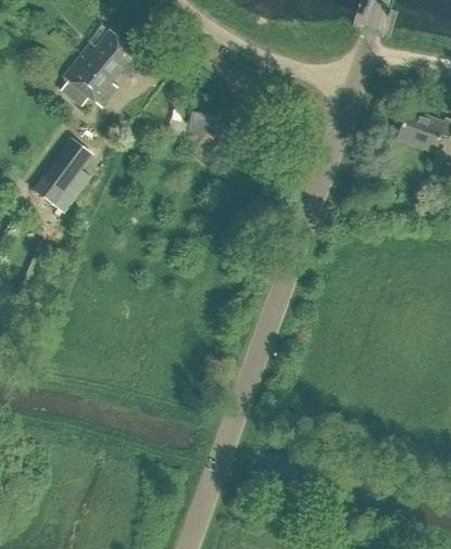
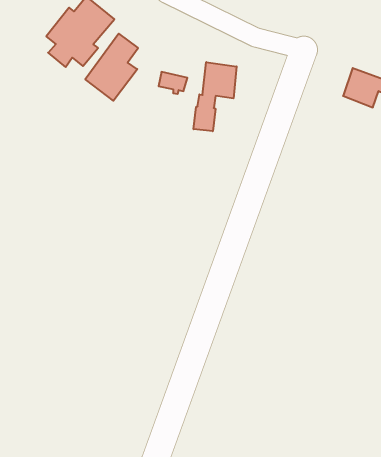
building: none -> [194,62,237,131]
building: [34,137,93,213] -> [85,34,138,101]

